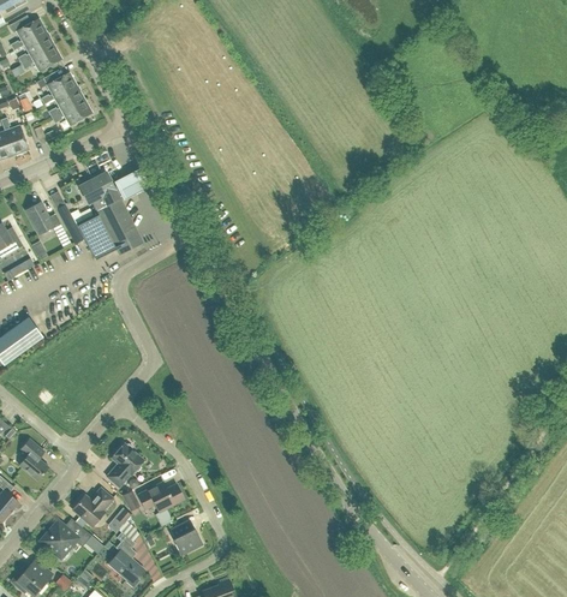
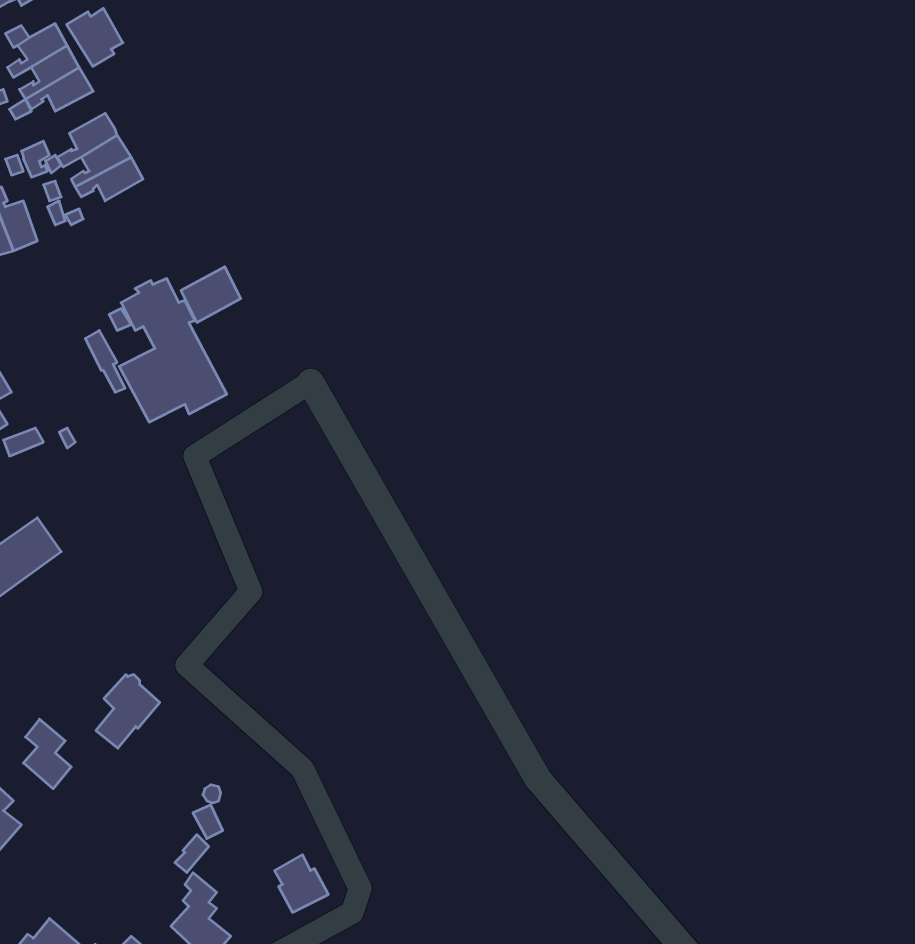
building: none -> [67,8,123,66]
building: [25,202,62,233] -> none
building: [106,442,144,486] -> [96,675,160,748]
building: [137,483,184,512] -> none
building: [72,486,113,525] -> none
building: [38,518,91,559] -> none

